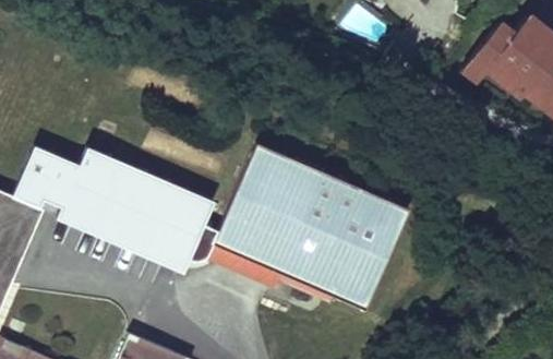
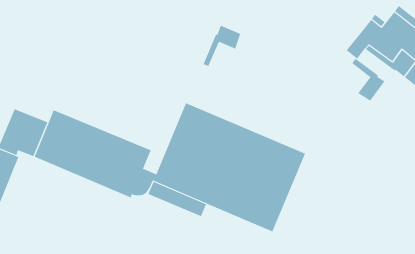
building: none -> [203,25,241,67]
building: none -> [351,58,385,101]

